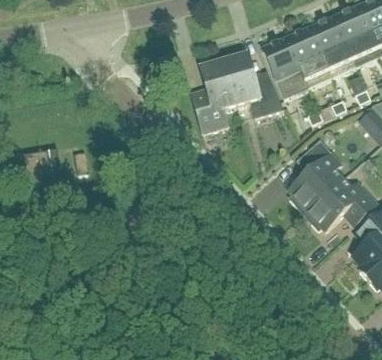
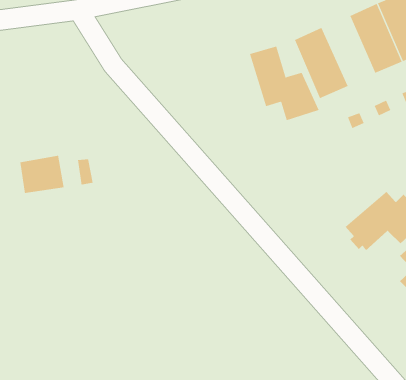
building: [286,26,332,87] -> none
building: [191,59,237,132] -> none
building: [288,138,342,209] -> none

